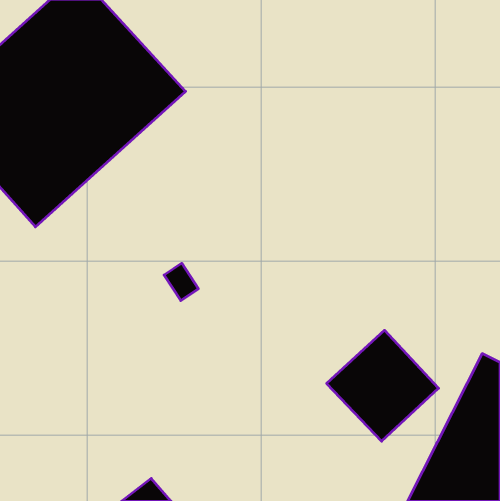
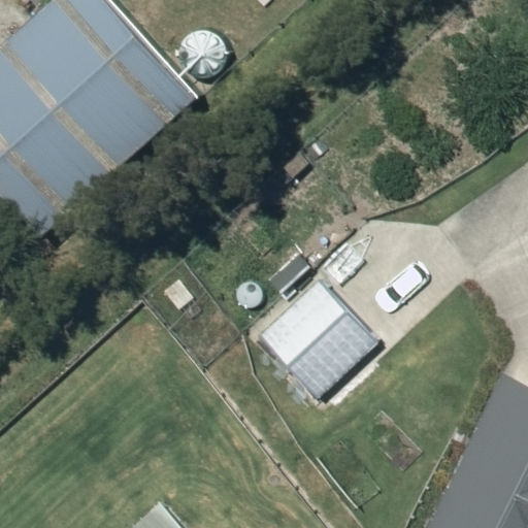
building: [327,330,439,441] -> [260,282,377,398]

